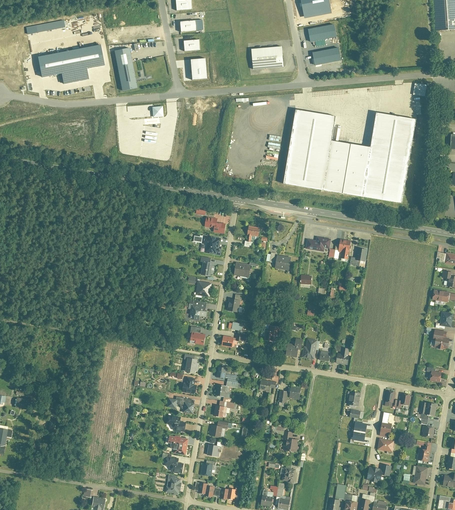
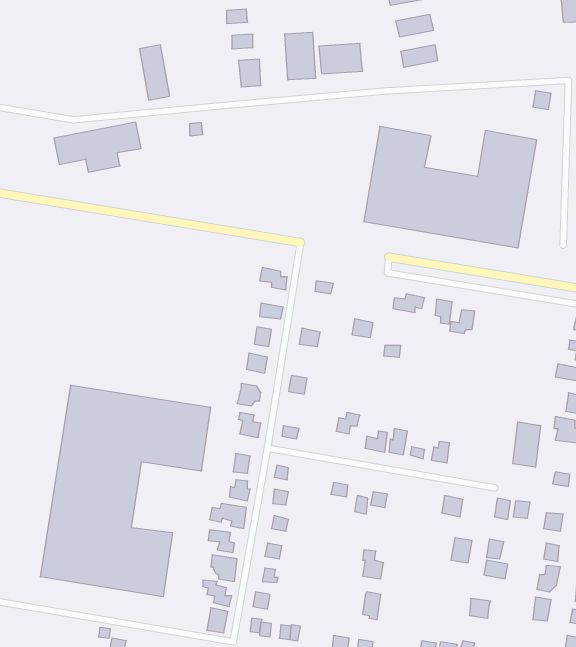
building: none -> [285,32,316,80]
building: [37,44,103,82] -> [54,122,141,172]
building: none -> [40,385,211,597]
building: none -> [513,422,540,467]

